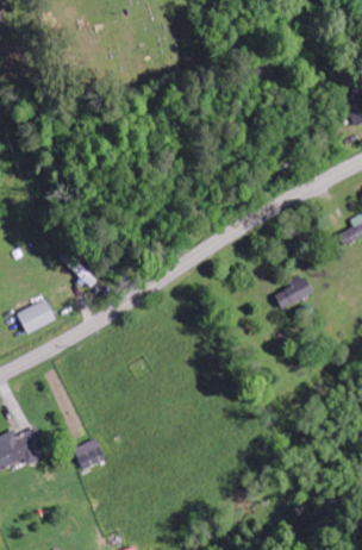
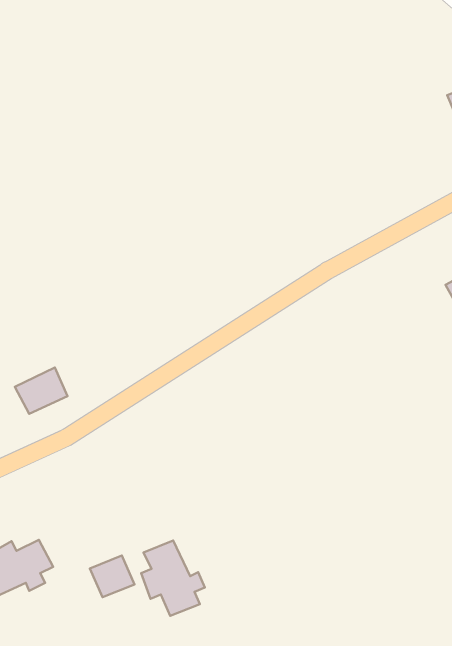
building: [273,277,313,308] -> none
building: none -> [141,541,205,616]

